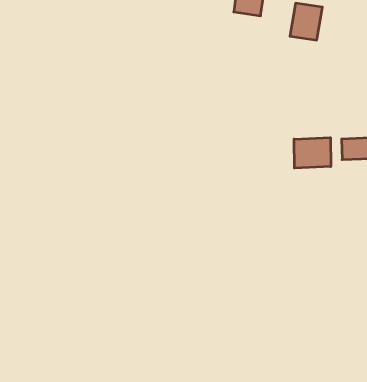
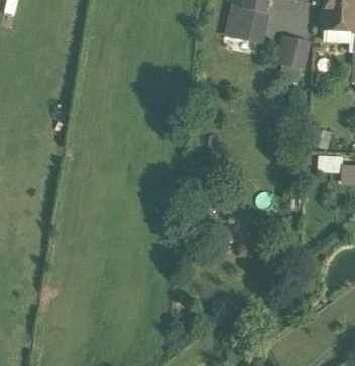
building: [294,138,331,168] -> none

